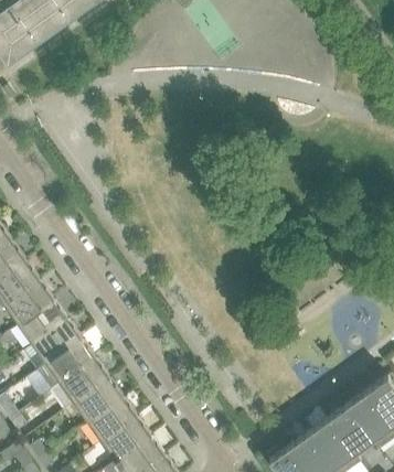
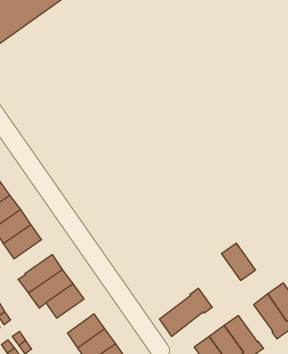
building: [30,319,81,364] -> none
building: none -> [159,288,212,337]
building: [86,397,136,442] -> none
building: [327,405,372,454] -> [221,243,256,281]

